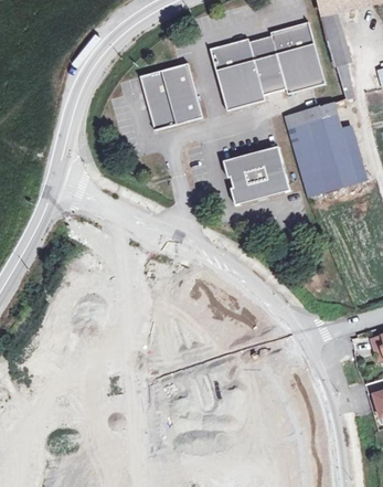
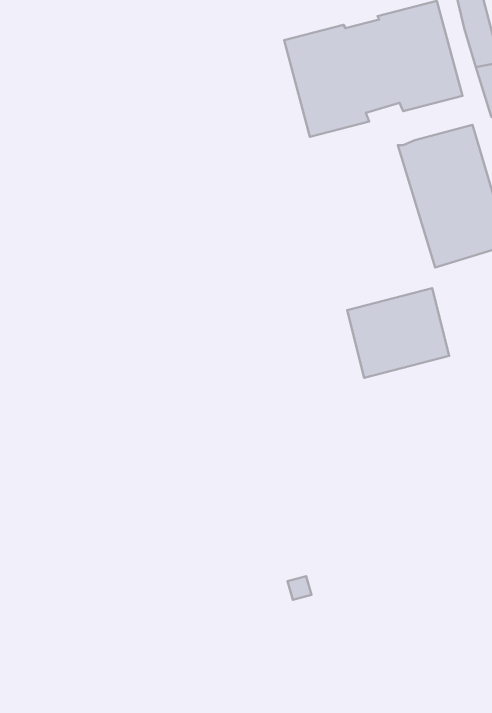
building: [139,62,202,129] -> none
building: [222,146,288,204] -> [347,288,449,378]

